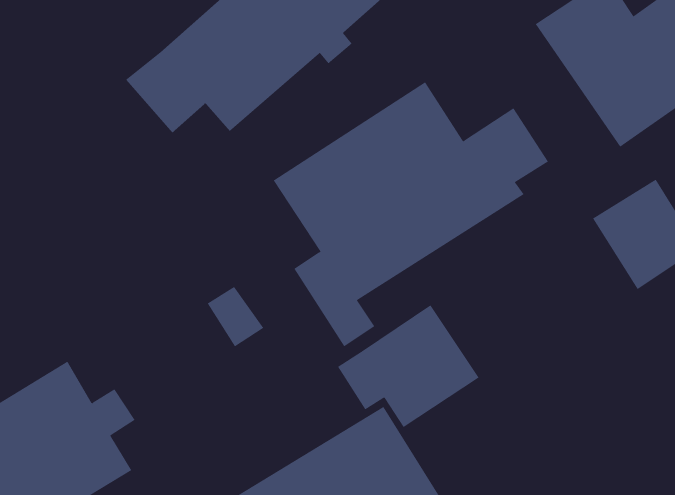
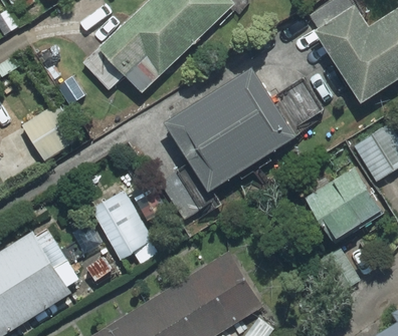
building: none -> [19,104,75,160]
building: [337,304,479,428] -> [302,164,384,236]
building: none -> [88,193,155,263]

